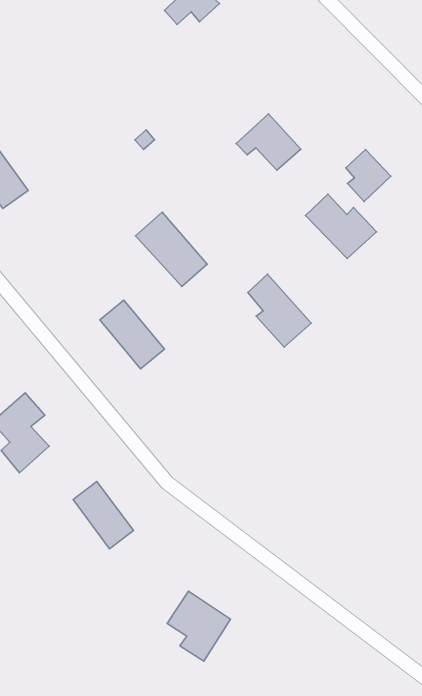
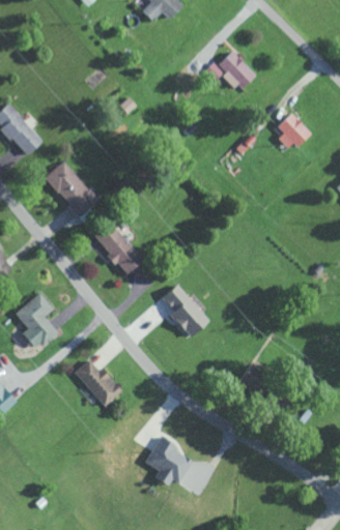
building: [236,114,301,170] -> [207,50,255,91]
building: [306,194,376,259] -> none
building: [135,212,207,287] -> [45,160,97,215]
building: [248,274,311,347] -> [164,284,210,337]

